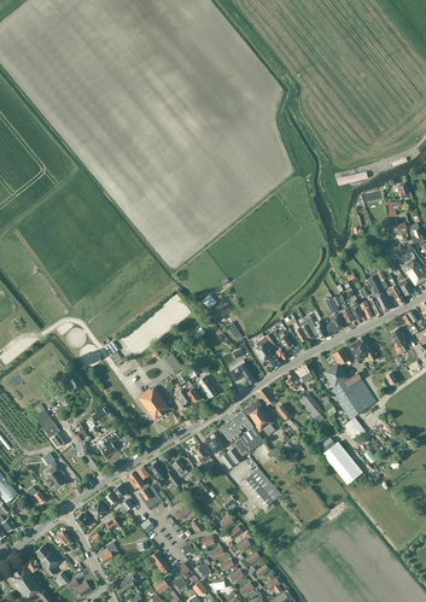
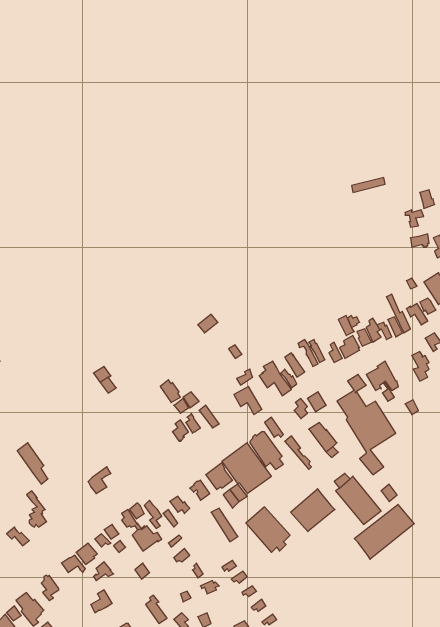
building: [139,386,170,420] -> none
building: none -> [291,489,335,532]
building: none -> [354,504,414,559]

